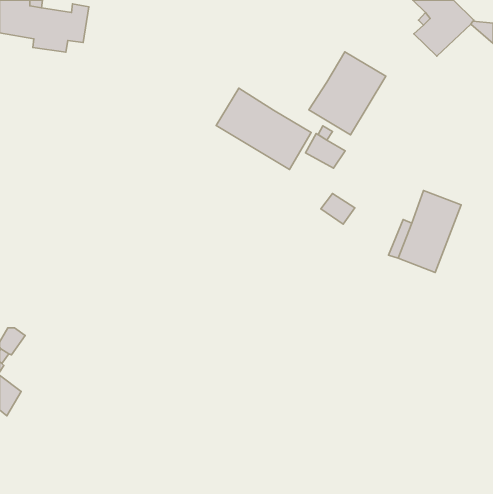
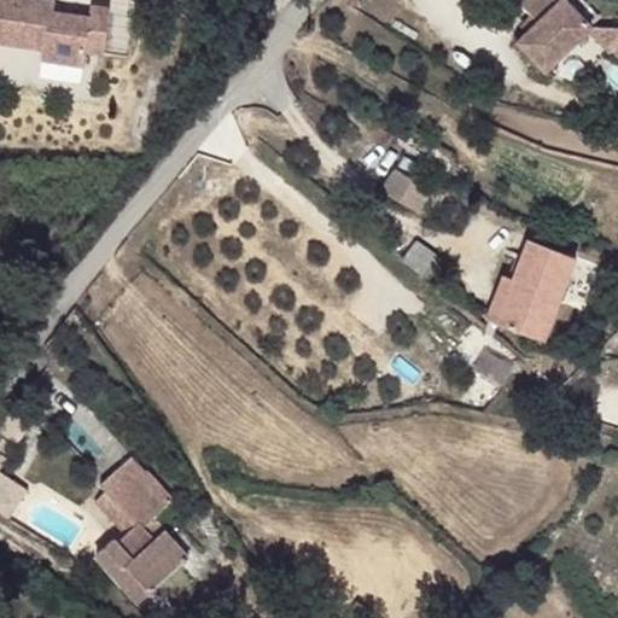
building: [309,52,386,135] -> none
building: [216,88,311,169] -> none
building: none -> [92,456,188,601]

